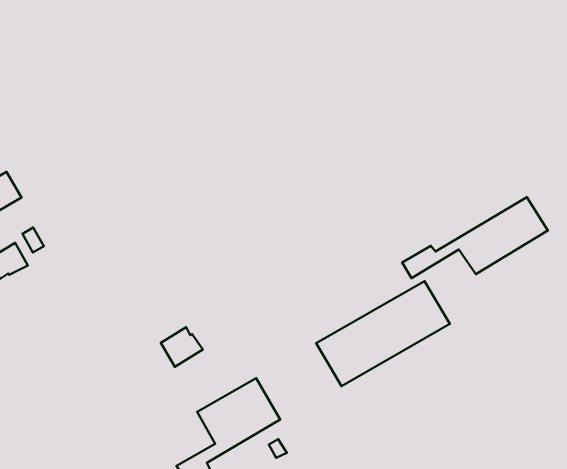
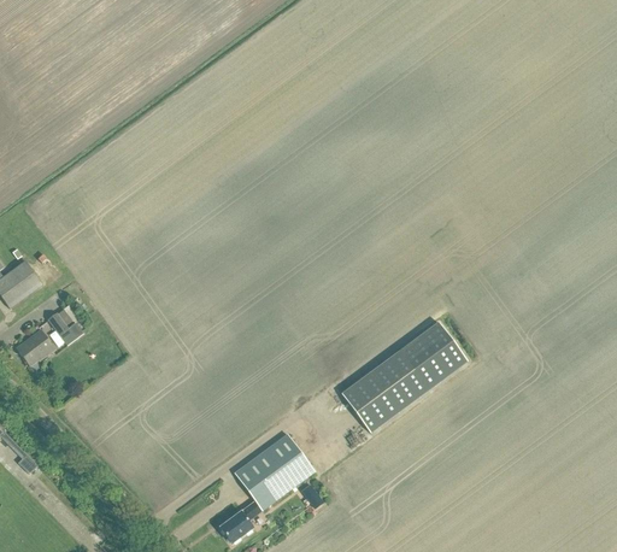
building: [402,197,548,278] -> none
building: [161,327,203,367] -> none

